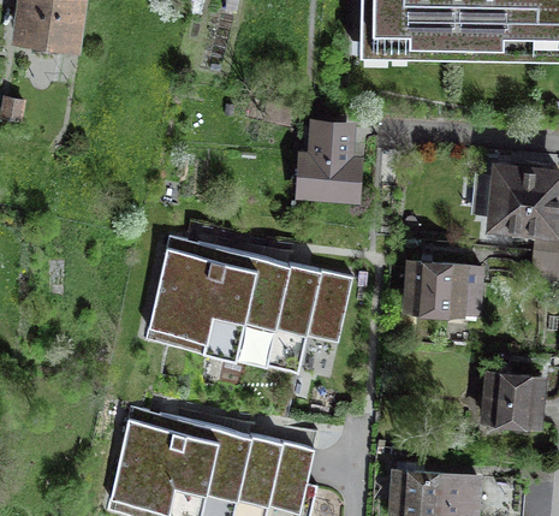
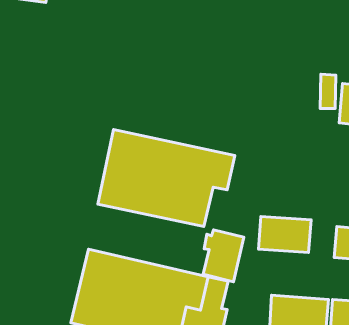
building: [304,126,356,195] -> none
building: [408,263,483,315] -> [258,217,311,253]
building: none -> [203,230,244,282]

